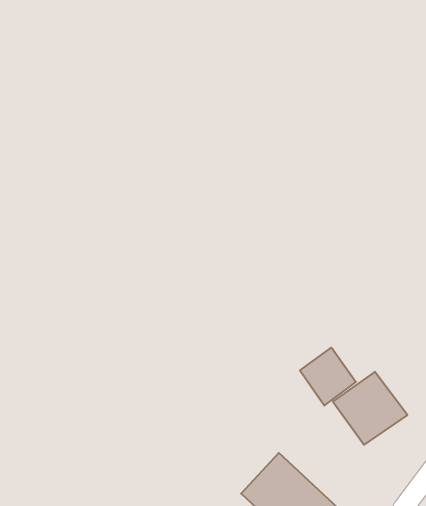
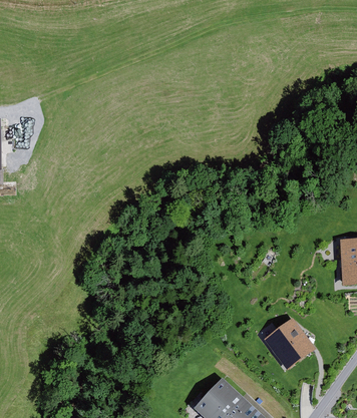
building: [300,348,356,406] -> none

